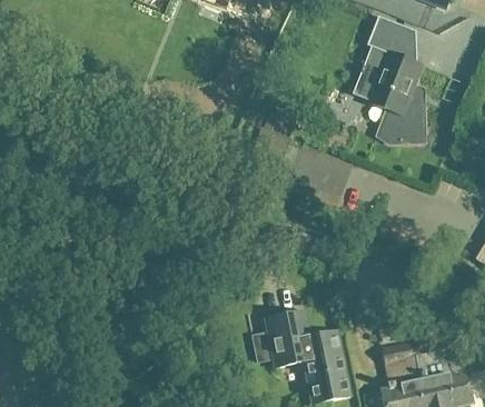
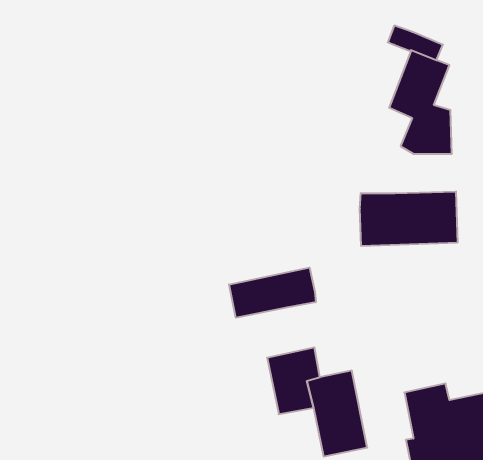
building: none -> [360,191,457,246]
building: none -> [229,268,316,318]

